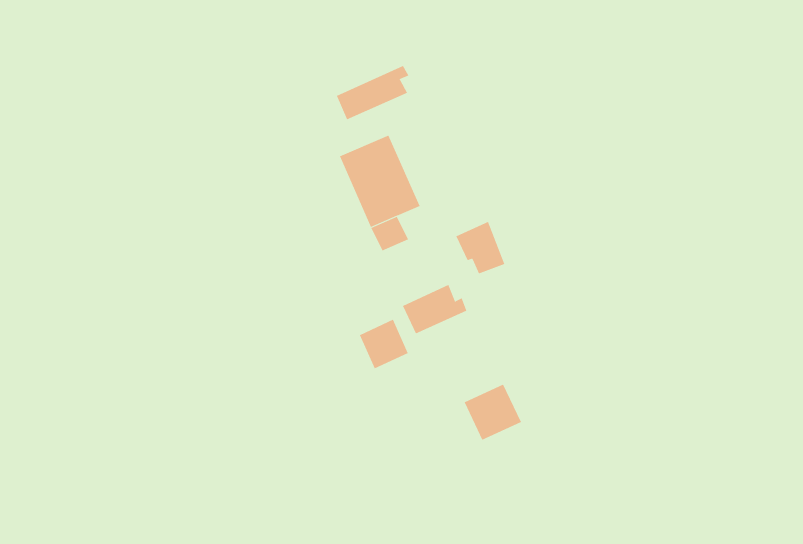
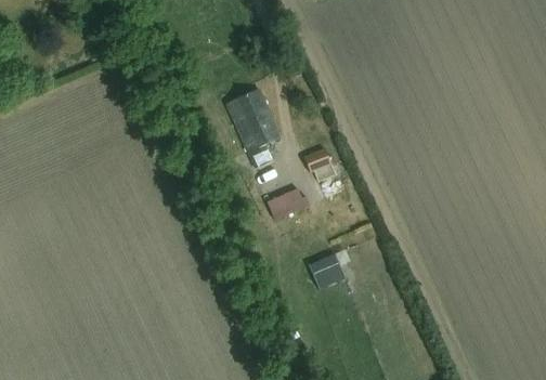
building: [336,65,409,120] -> none
building: [359,319,409,369] -> none

